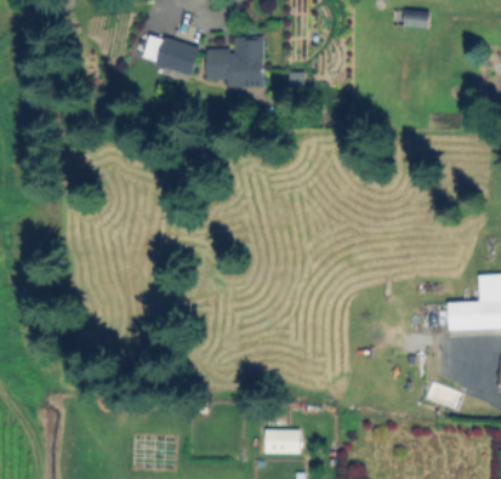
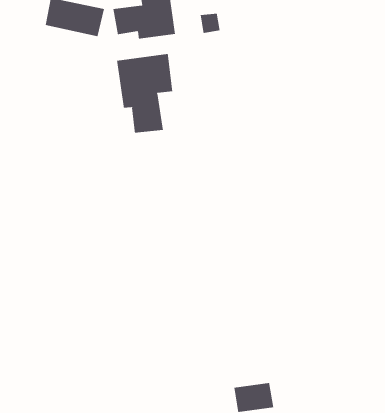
building: none -> [116,53,173,134]

